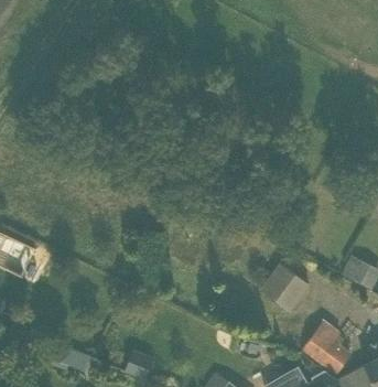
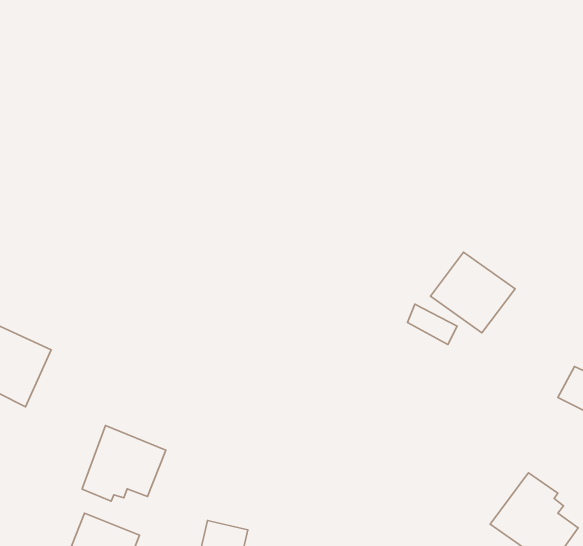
building: [259,264,310,312] -> [431,252,515,333]
building: none -> [82,426,166,501]

